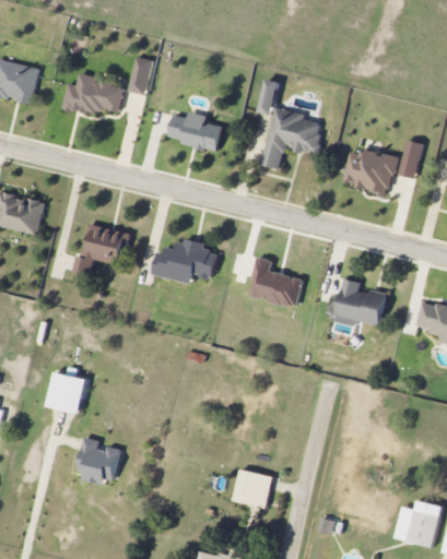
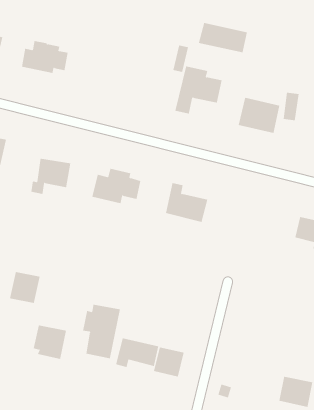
building: none -> [198,22,247,53]
building: [128,56,153,94] -> none
building: [168,112,222,151] -> none
building: [334,278,386,325] -> none
building: none -> [83,304,120,359]
building: none -> [115,337,159,368]

